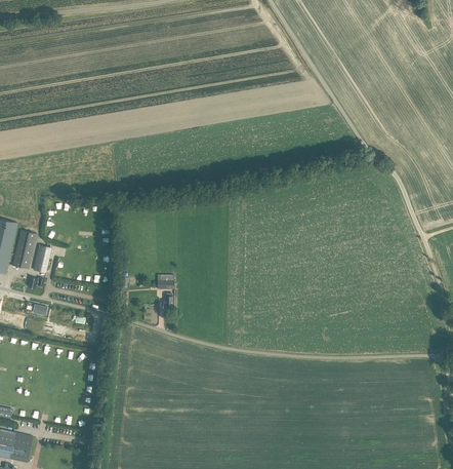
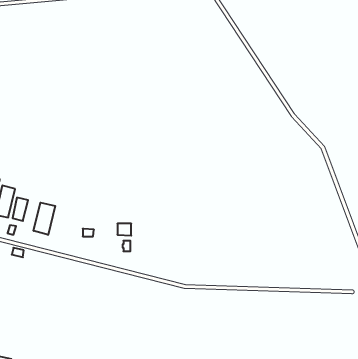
building: none -> [34,203,55,235]

